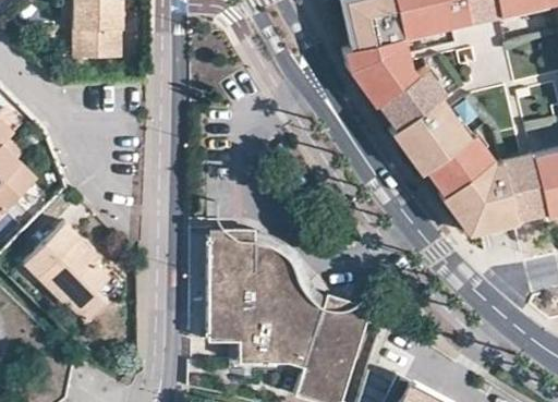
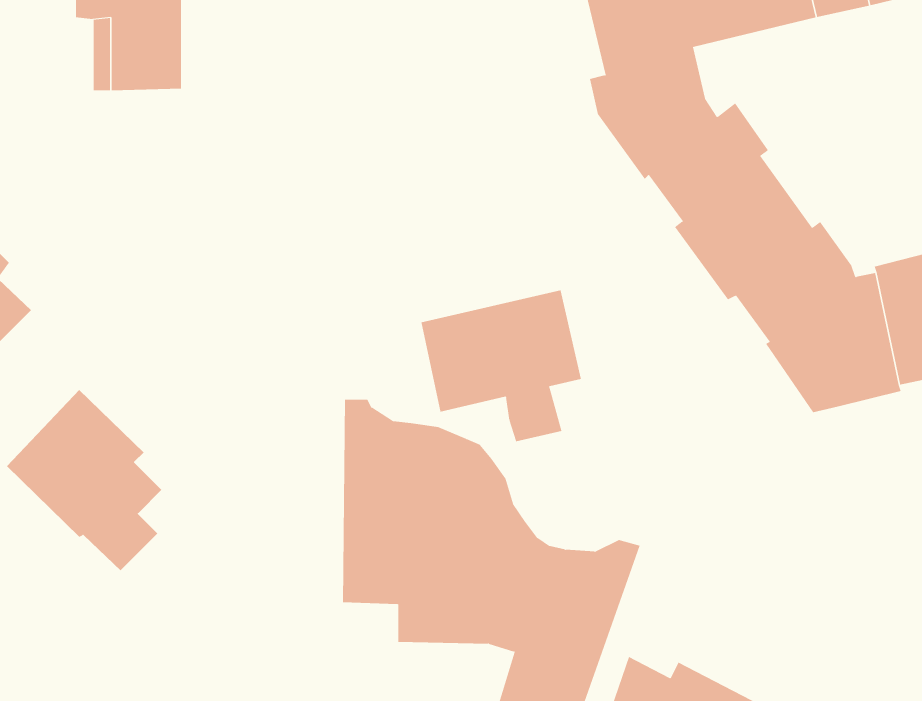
building: none -> [421,289,582,442]

